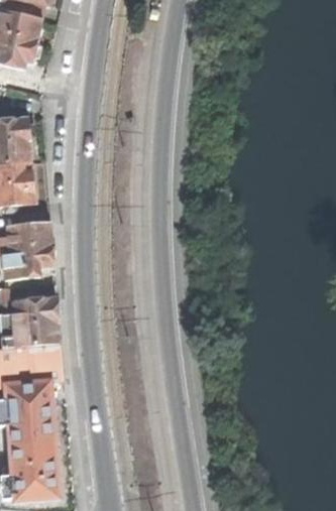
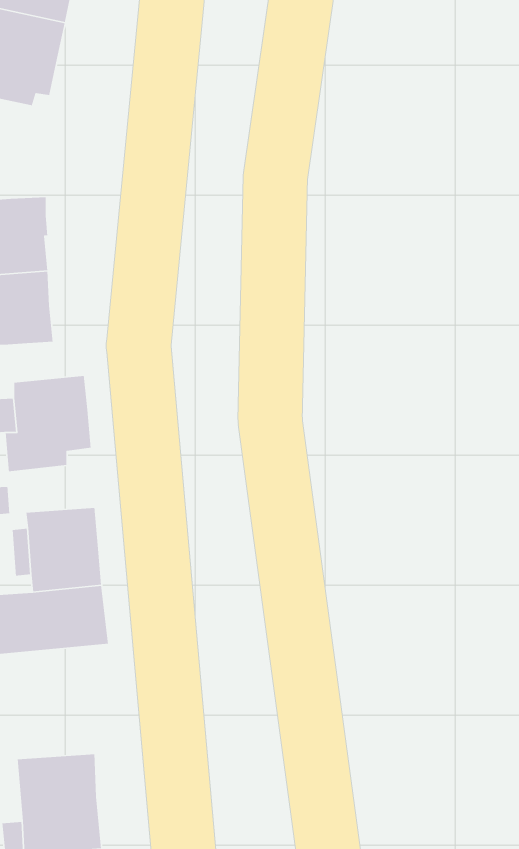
building: [8,386,58,445] -> none

